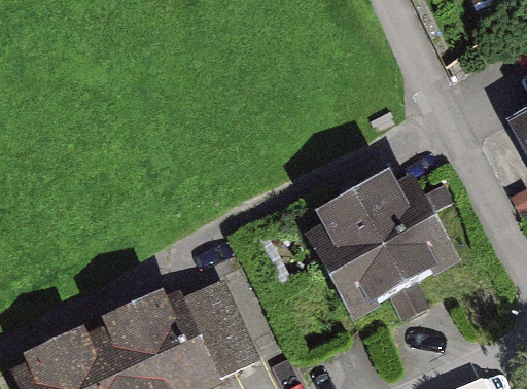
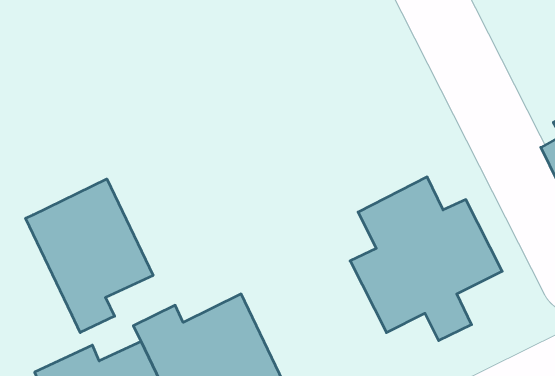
building: none -> [26,179,153,333]

